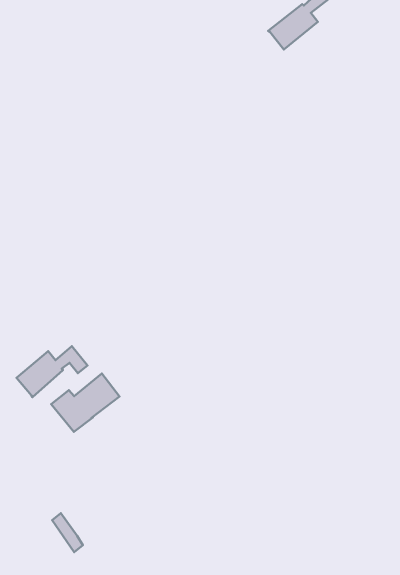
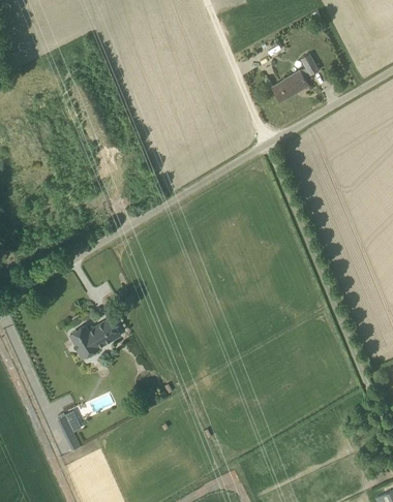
building: [16,346,88,397] -> none

